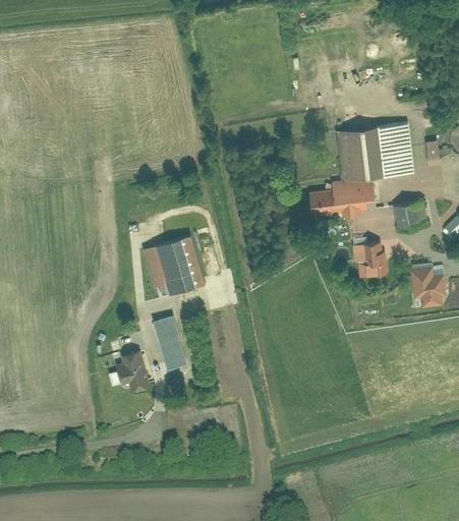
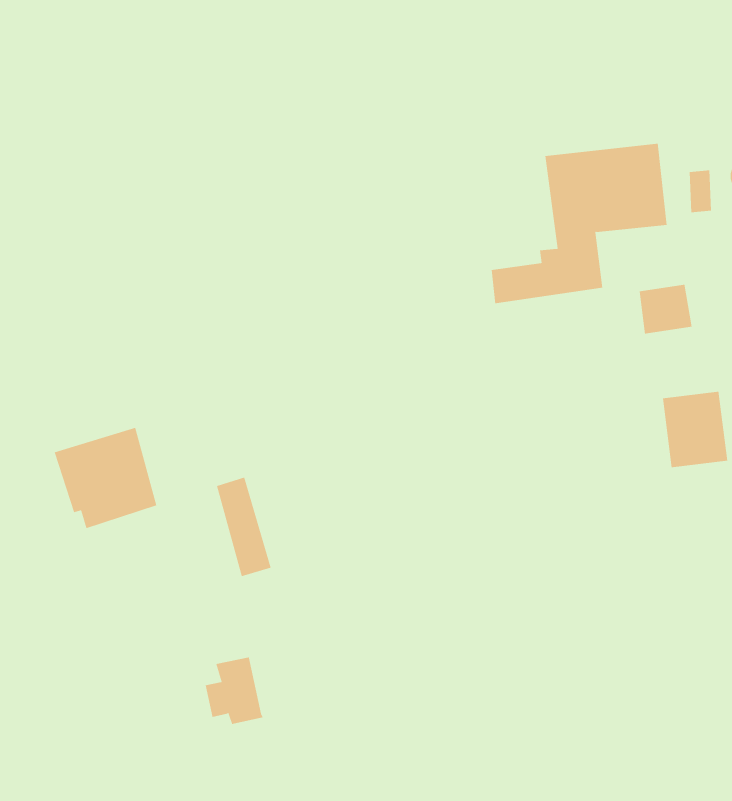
building: [144,237,203,295] -> [54,427,157,529]
building: [354,242,385,275] -> none
building: [115,355,149,394] -> [205,657,264,725]

